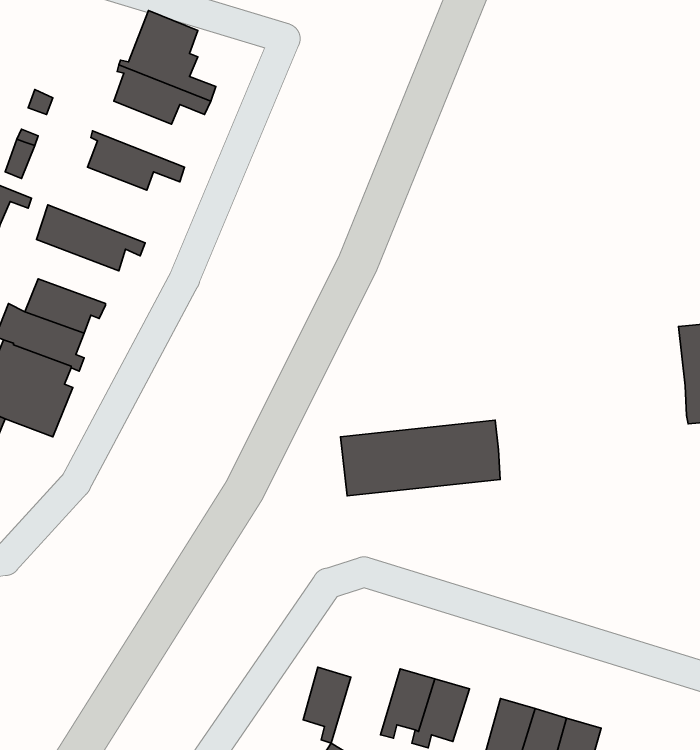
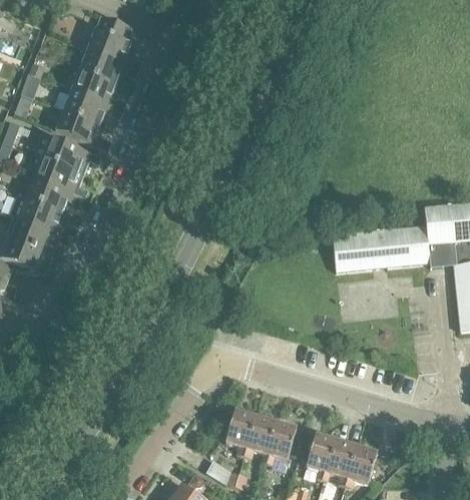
building: none -> [67,69,126,109]
building: none -> [51,109,111,150]
building: none -> [29,153,87,196]
building: [340,420,500,496] -> [332,224,429,271]
building: [303,667,351,743] -> [225,409,255,455]

